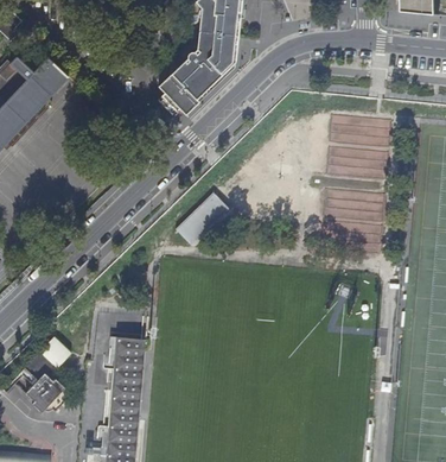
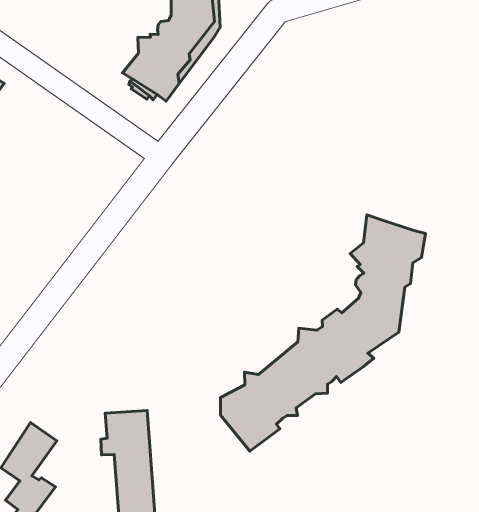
building: [177,191,230,245] -> none
building: none -> [220,215,425,451]

